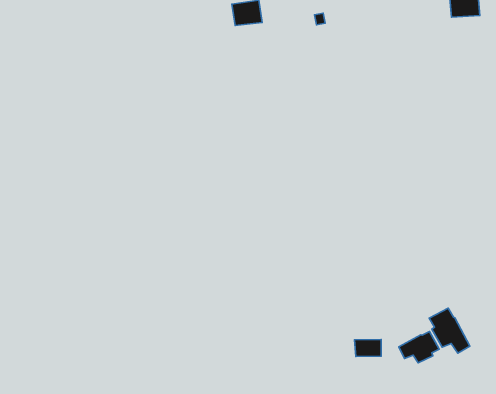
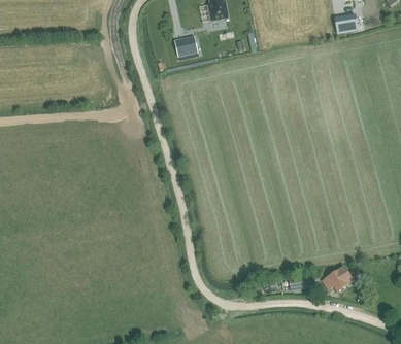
building: [429,308,470,353] -> none

